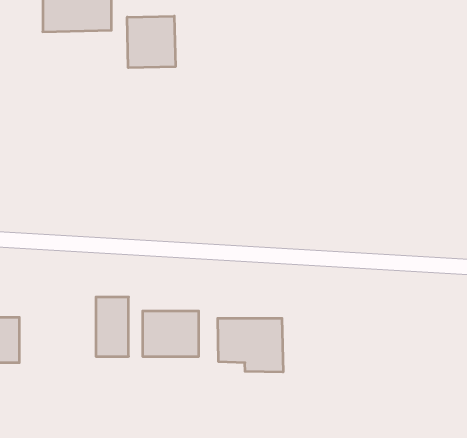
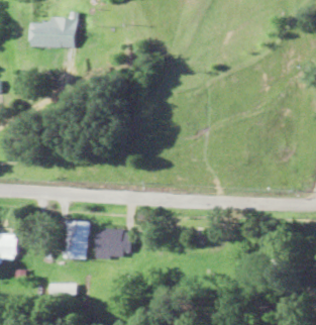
building: [127,16,175,68] -> none
building: [218,318,283,372] -> none

